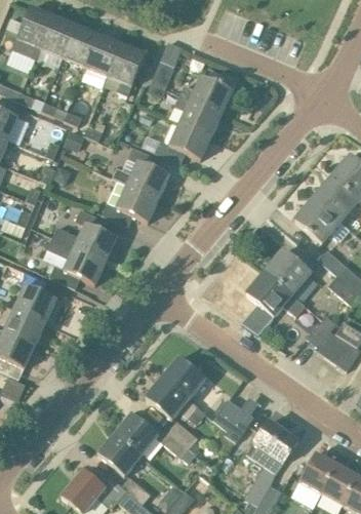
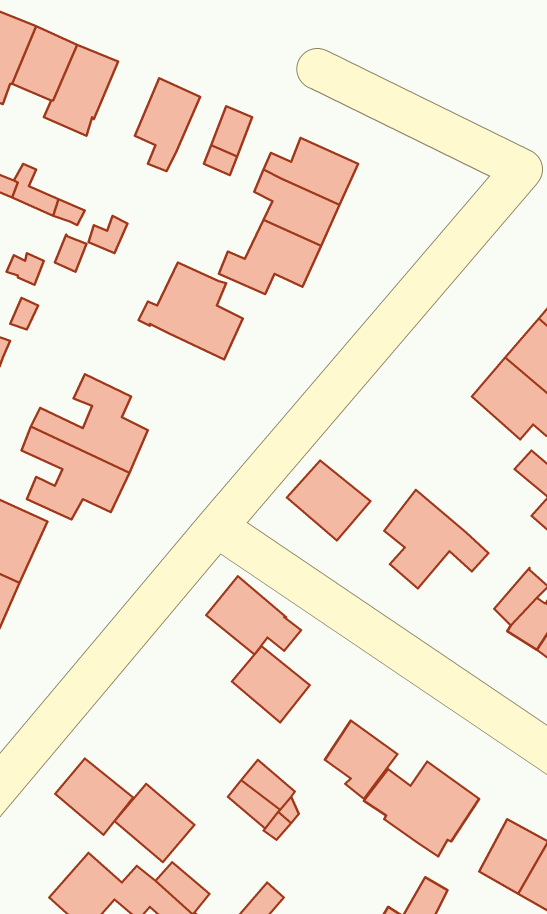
building: [86,35,122,76] -> none
building: [102,180,158,224] -> none
building: [264,250,310,294] -> [287,460,370,540]
building: [145,377,197,420] -> [206,576,301,654]
building: [115,413,158,456] -> [55,759,133,835]

